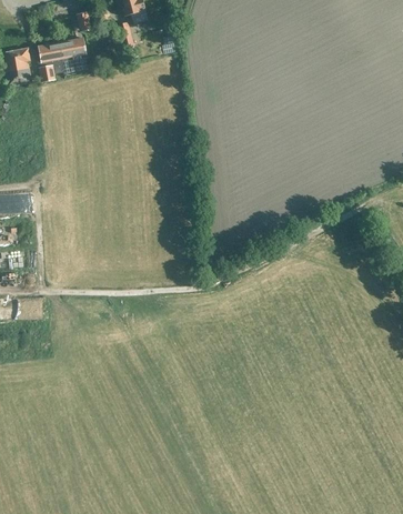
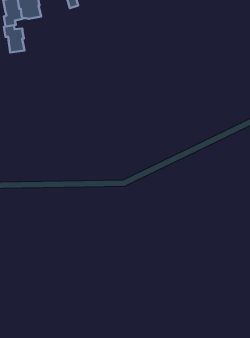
building: none -> [4,25,24,53]

